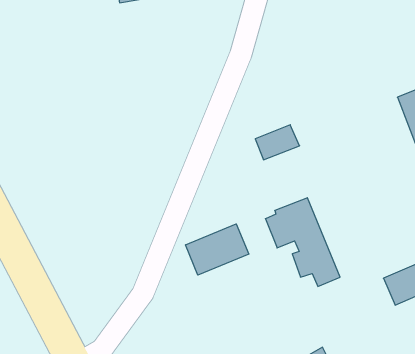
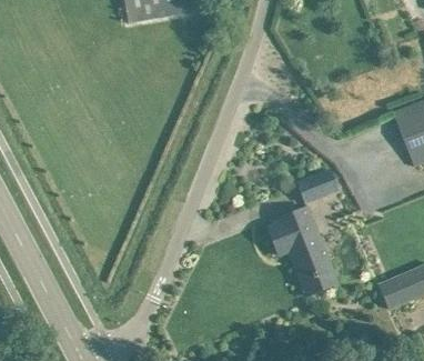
building: [255,125,300,160] -> [297,170,340,203]
building: [186,224,249,275] -> none

